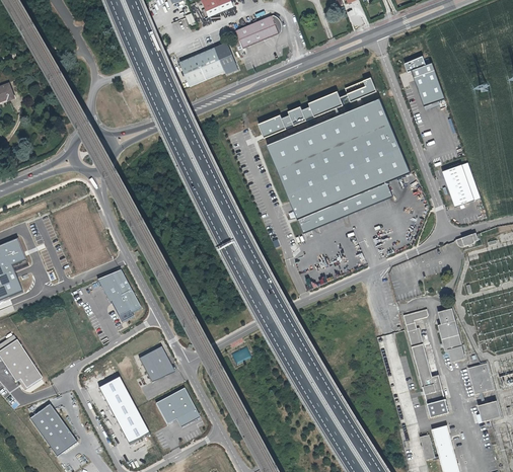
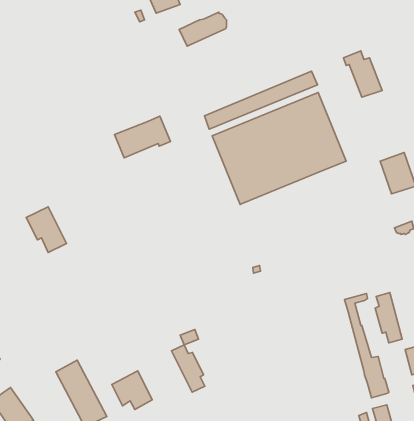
building: [179,44,238,87] -> [115,116,171,158]
building: [296,178,391,231] -> none
building: [100,271,143,319] -> [26,207,67,252]
building: [142,348,176,384] -> none
building: none -> [172,345,205,392]

